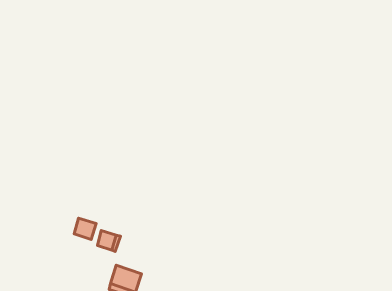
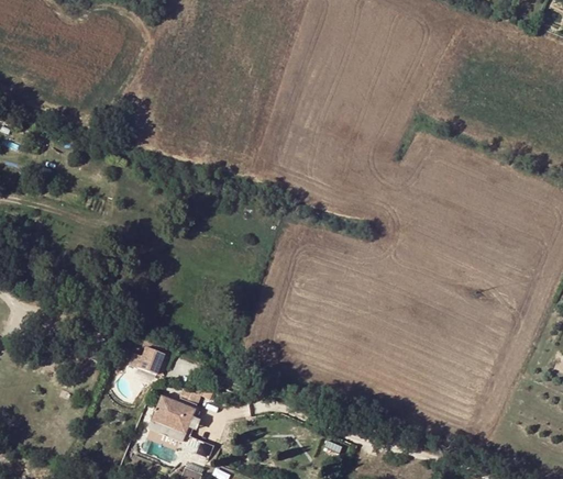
building: [74,218,96,240] -> none

